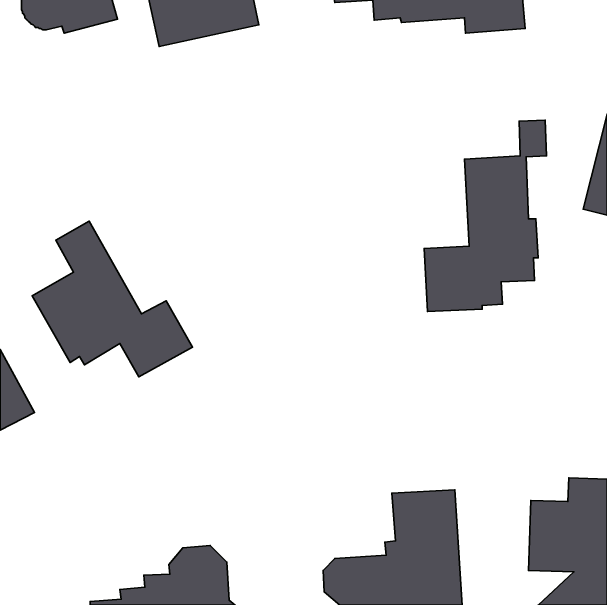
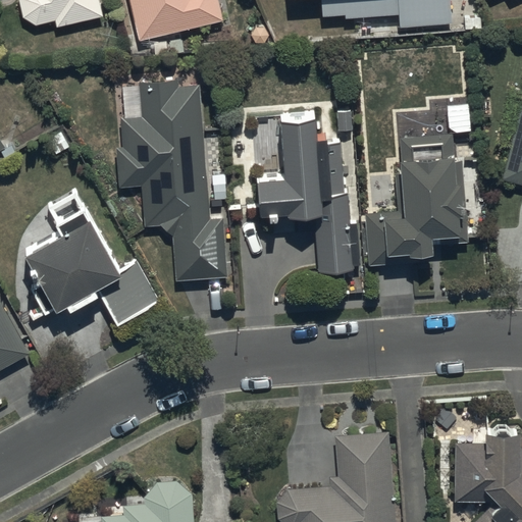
building: none -> [116,80,228,282]
building: none -> [257,121,358,277]

